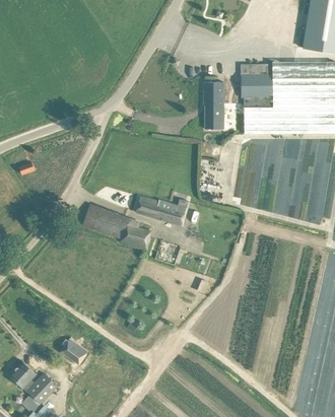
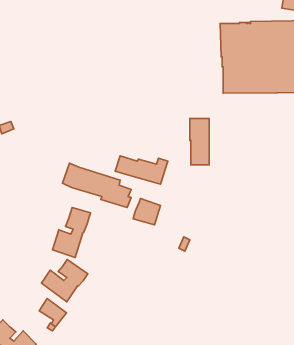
building: [203,82,222,129] -> [190,118,209,165]
building: none -> [52,207,91,258]
building: none -> [42,259,88,302]

